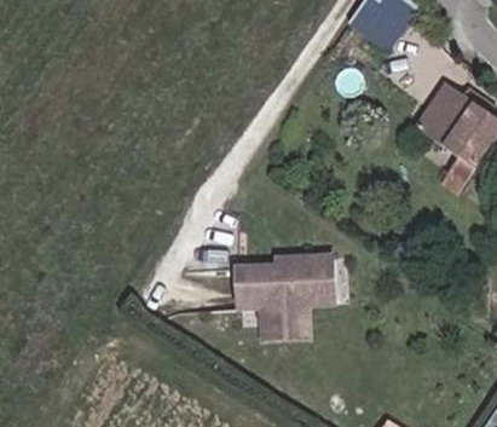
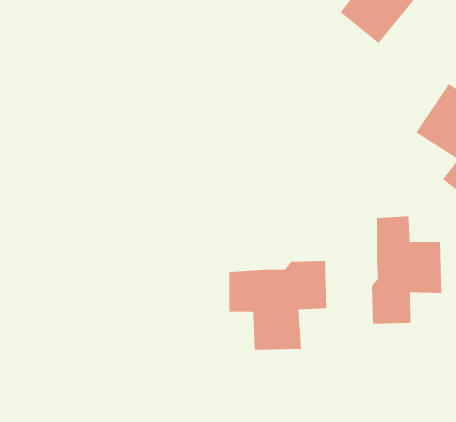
building: none -> [372,215,442,324]

